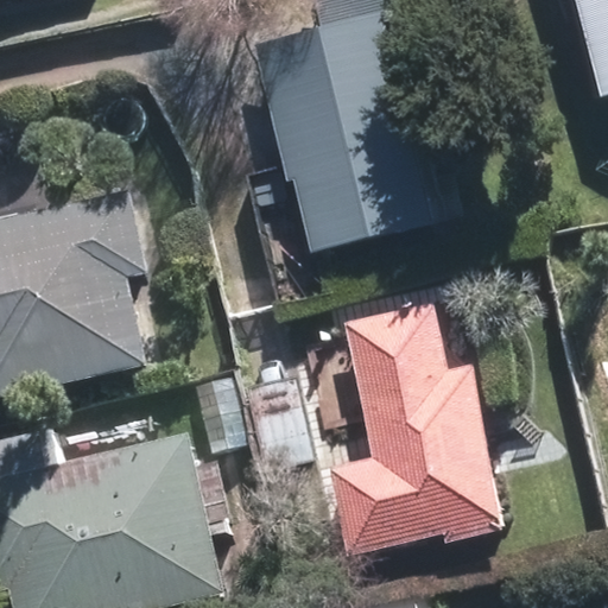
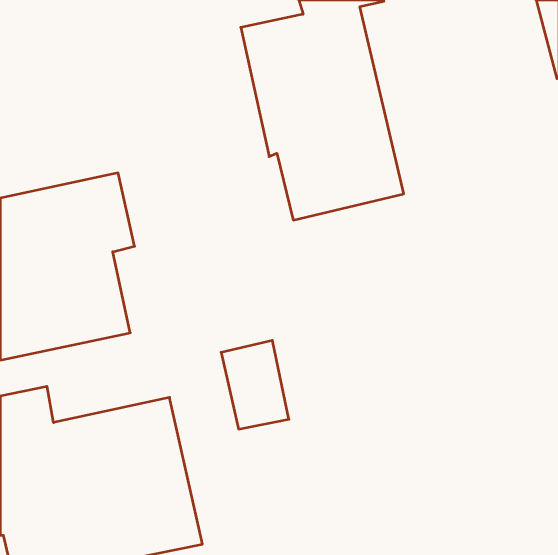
building: [328,308,496,551] -> none

